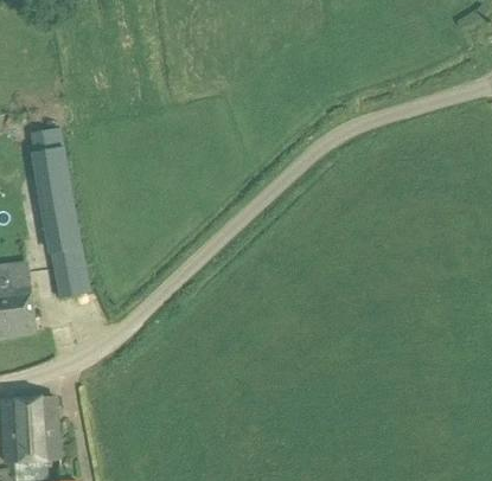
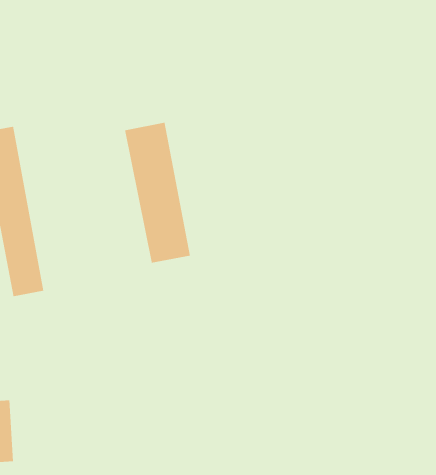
building: none -> [124,122,190,263]

